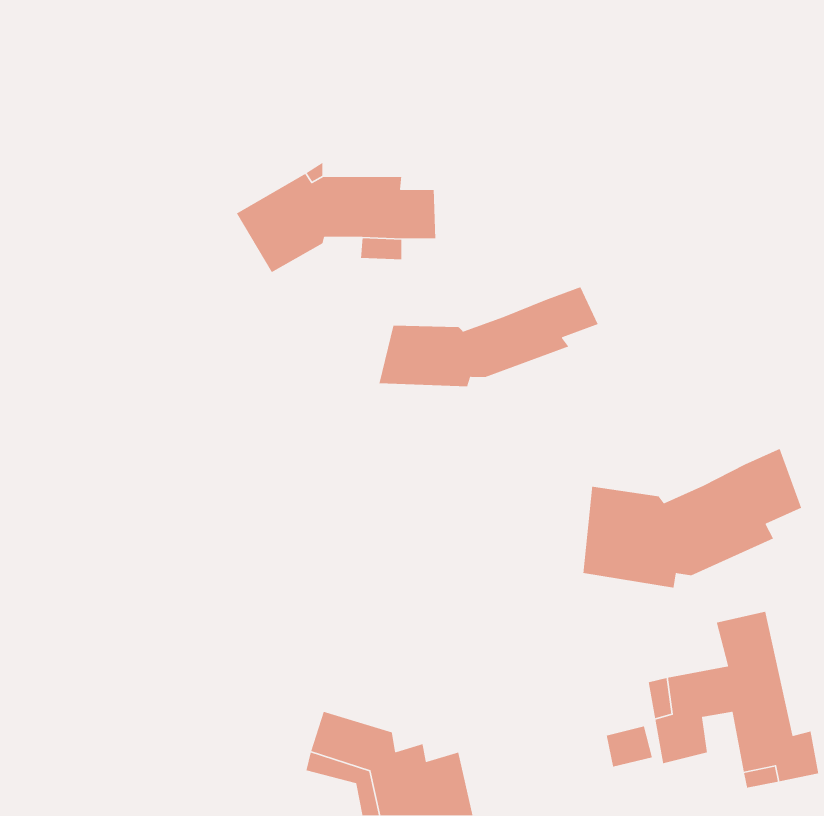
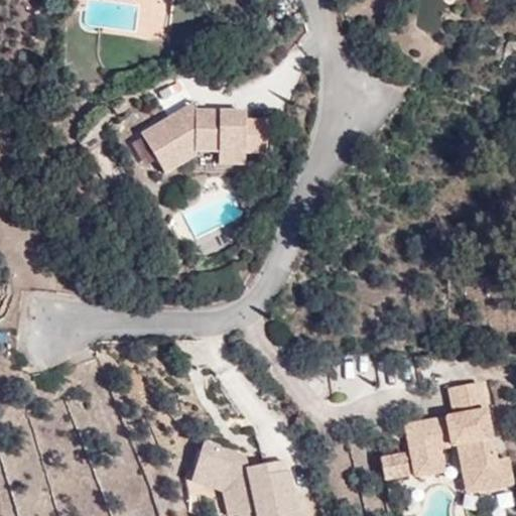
building: [378,286,599,387] -> none
building: [582,448,802,588] -> none

